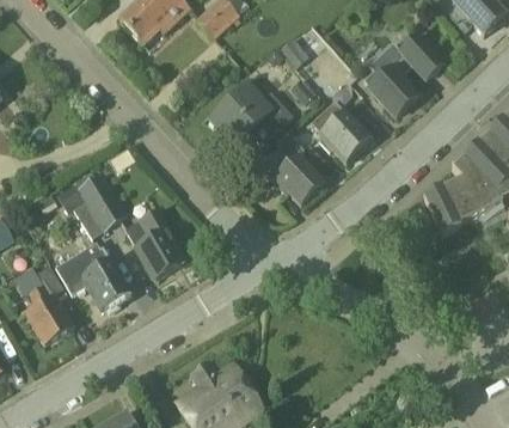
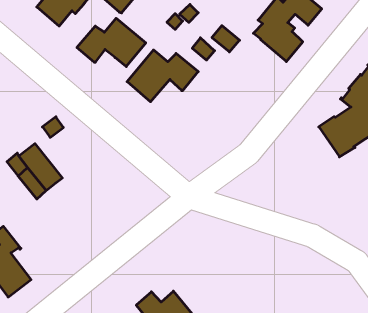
building: none -> [77,18,146,67]
building: [312,100,372,161] -> none
building: [262,132,324,203] -> none
building: [125,209,183,279] -> none
building: [56,243,131,310] -> none

